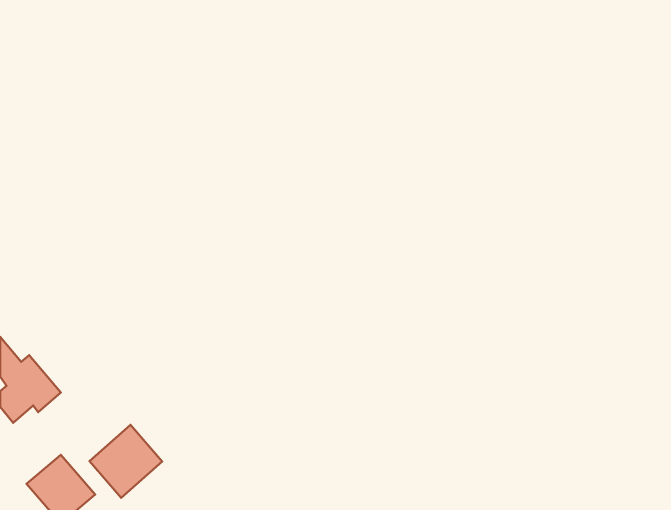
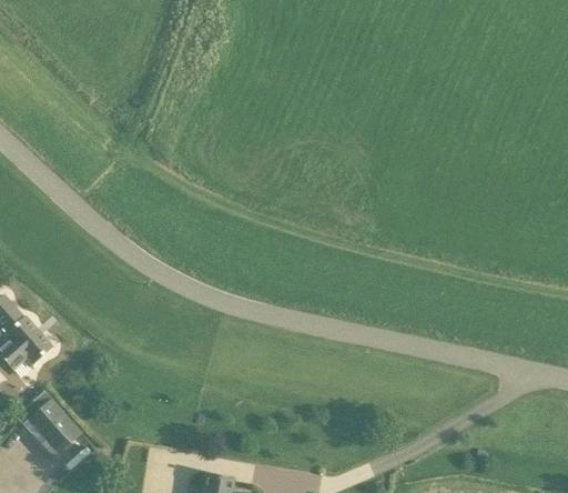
building: [89,425,162,498] -> none

